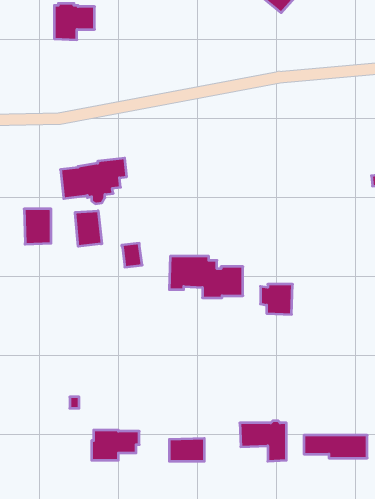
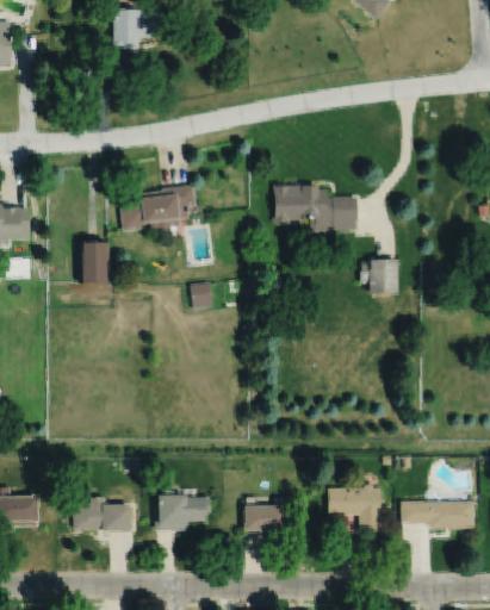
building: [75,211,102,246] -> none
building: [169,256,243,298] -> [272,185,356,232]
building: [260,284,293,314] -> [360,260,397,294]
building: none -> [74,498,131,534]

